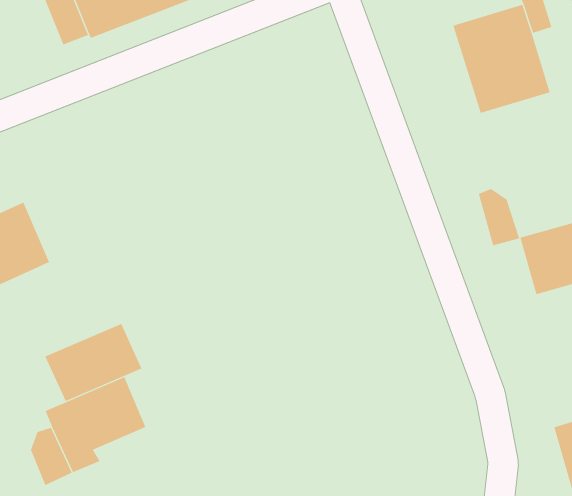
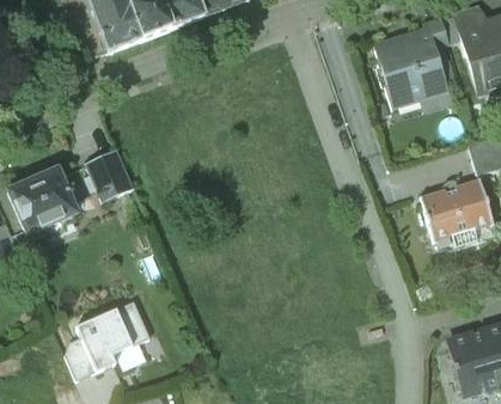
building: none -> [86,148,135,198]
building: [478,188,520,246] -> none
building: [45,323,142,402] -> none

